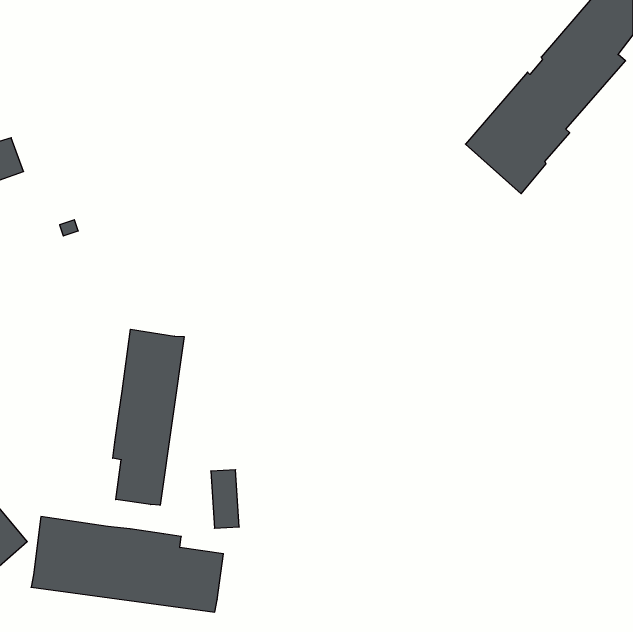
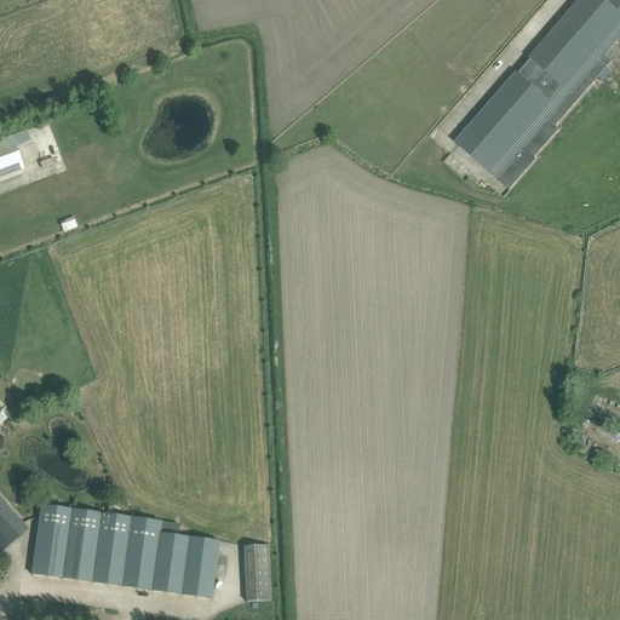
building: [113,329,184,505] -> none
building: [211,470,239,528] -> [242,544,270,601]

